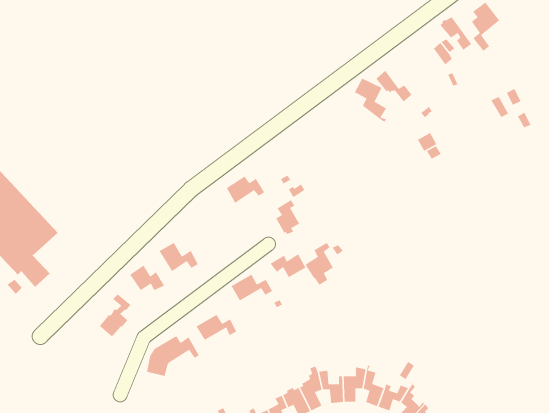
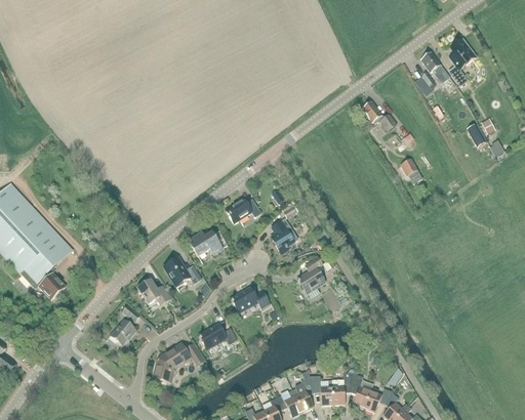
building: [354,77,387,123] -> none
building: none -> [188,230,227,256]
building: [270,253,306,278] -> none

